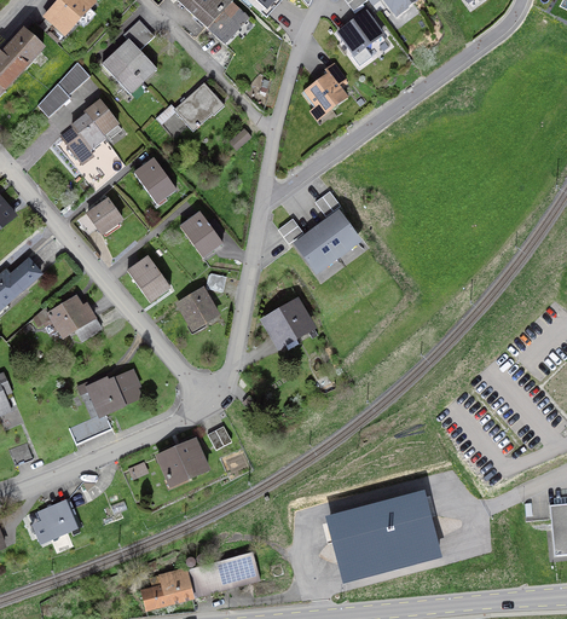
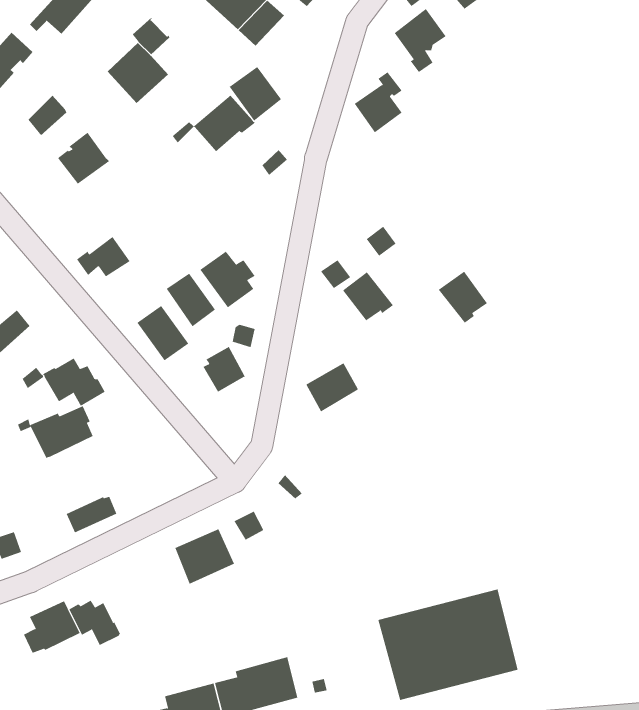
building: none -> [229,66,282,121]
building: [58,62,91,96] -> none
building: [85,100,118,135] -> none
building: [134,160,175,204] -> [166,273,216,327]
building: [317,213,358,256] -> [438,271,488,324]
building: [77,371,140,415] -> [17,405,94,458]
building: none -> [69,600,121,646]

